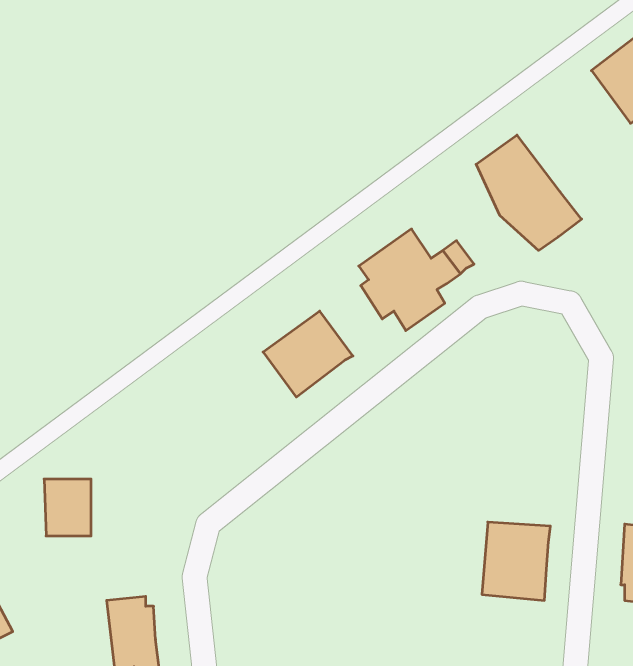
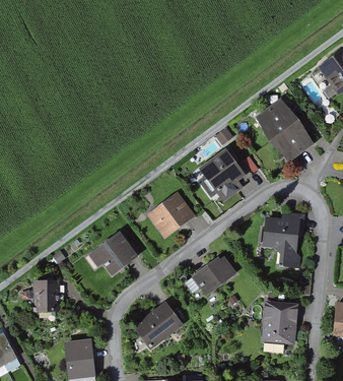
building: none -> [262,211,303,266]
building: none -> [88,231,137,276]
building: none -> [190,257,234,295]
building: none -> [132,302,182,348]

